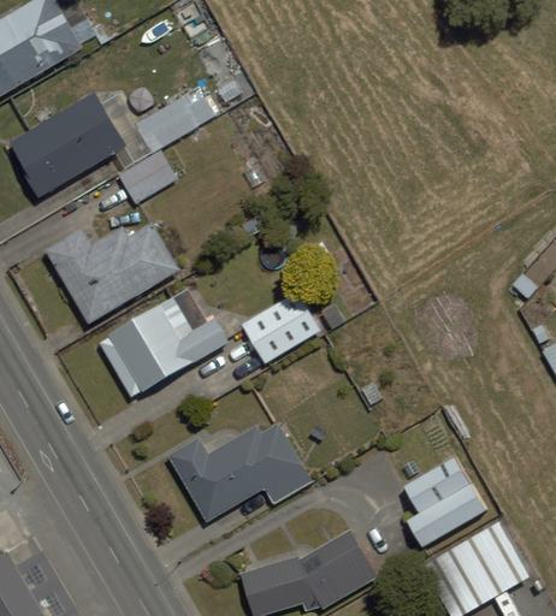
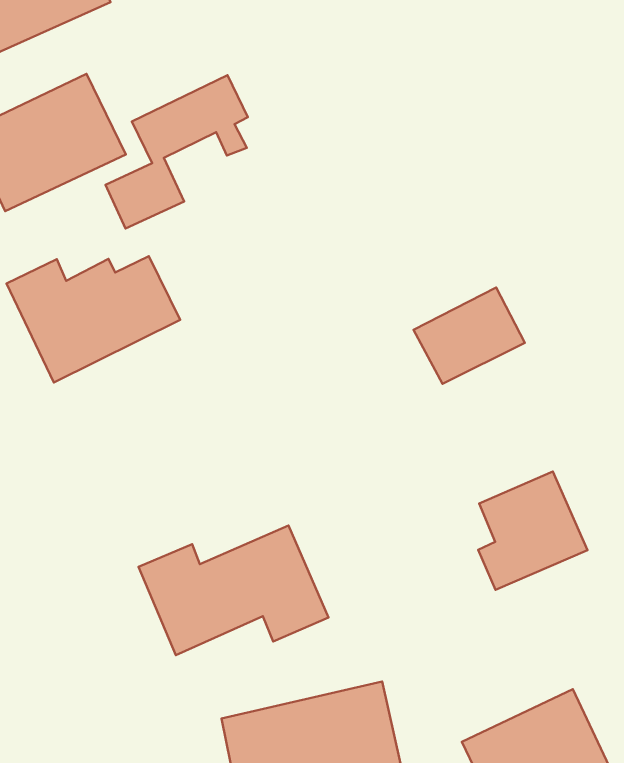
building: [238,289,323,365] -> [414,287,525,384]
building: [96,297,227,399] -> none
building: [401,454,485,546] -> [478,471,587,590]

